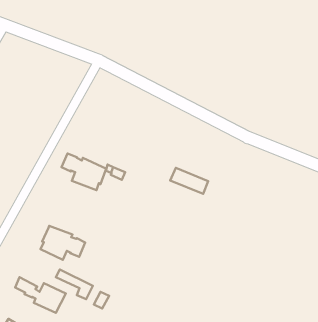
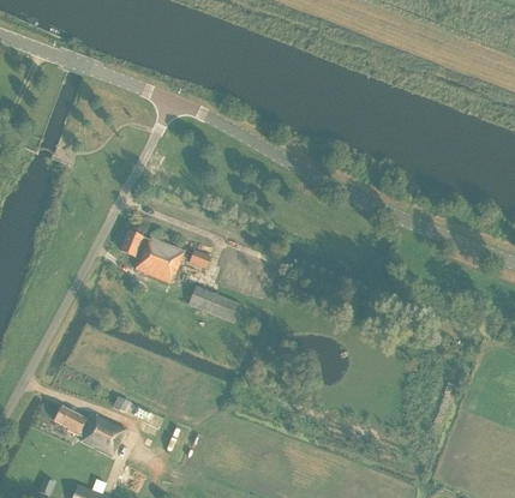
building: [170,168,208,194] -> [187,284,241,322]
building: [40,226,85,260] -> none

